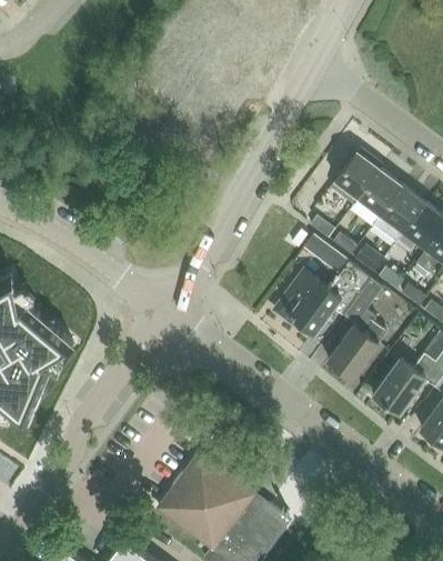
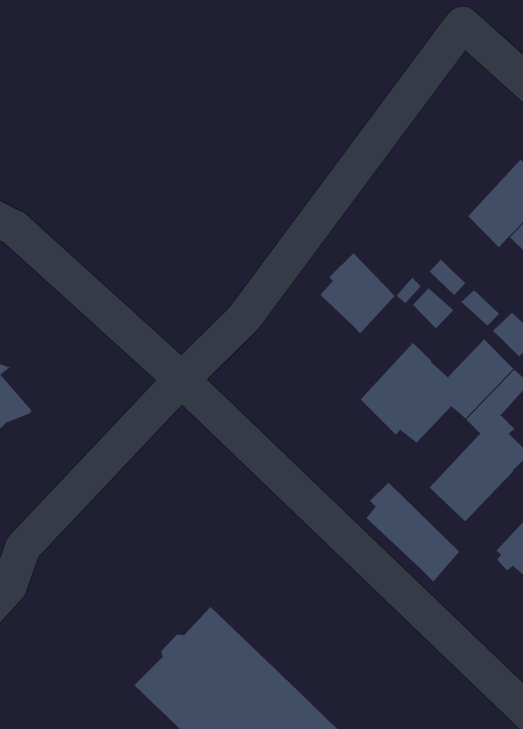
building: none -> [319,252,396,334]
building: none -> [366,482,460,582]

